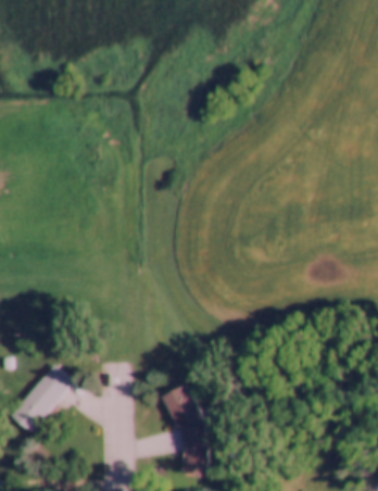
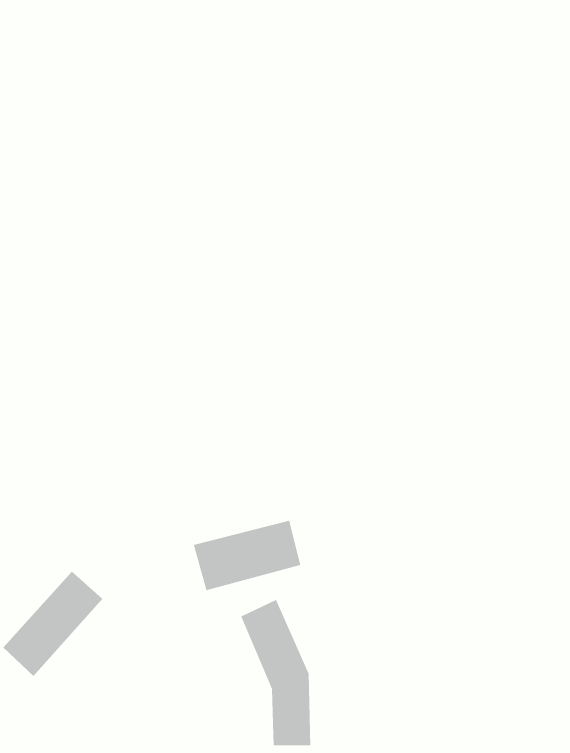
building: none -> [193,520,301,591]

